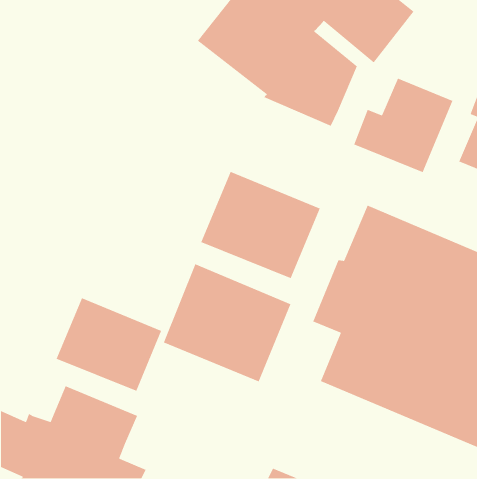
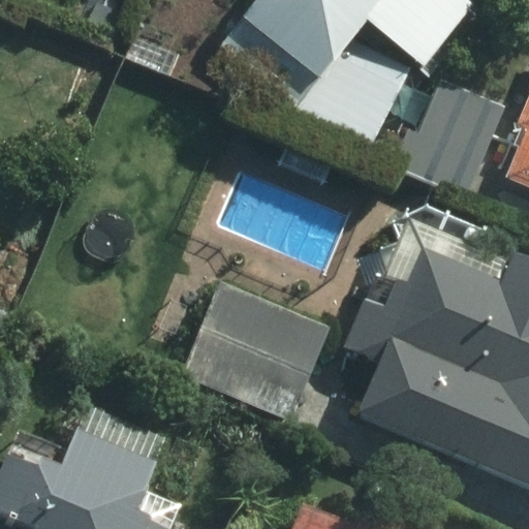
building: [200,171,321,279] -> none
building: [55,297,162,392] -> none

